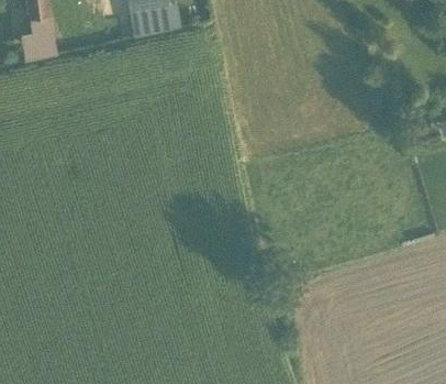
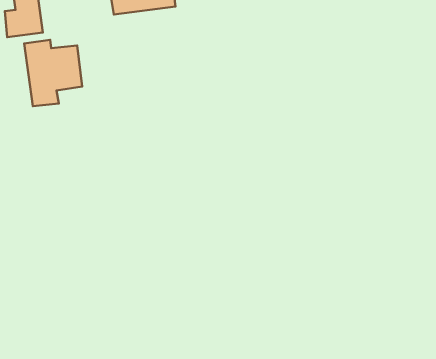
building: none -> [24,40,82,106]

